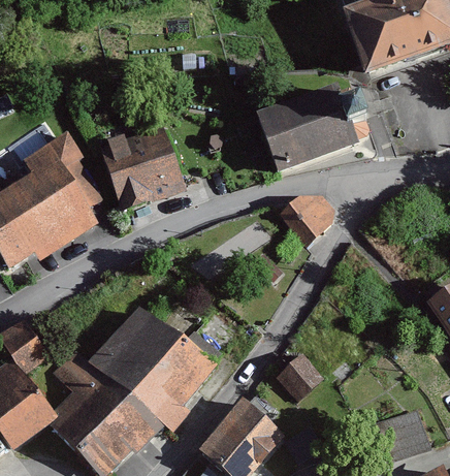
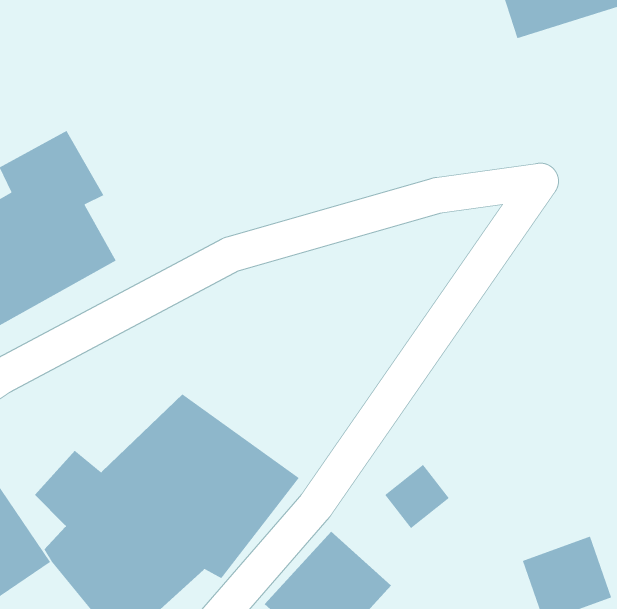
building: [259,87,358,171] -> none
building: [99,122,187,207] -> none
building: [279,194,332,236] -> none

